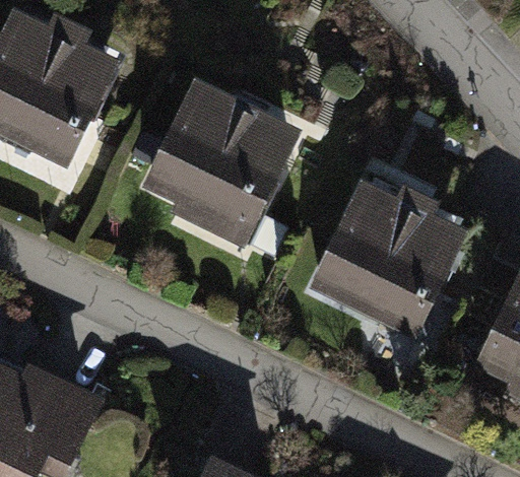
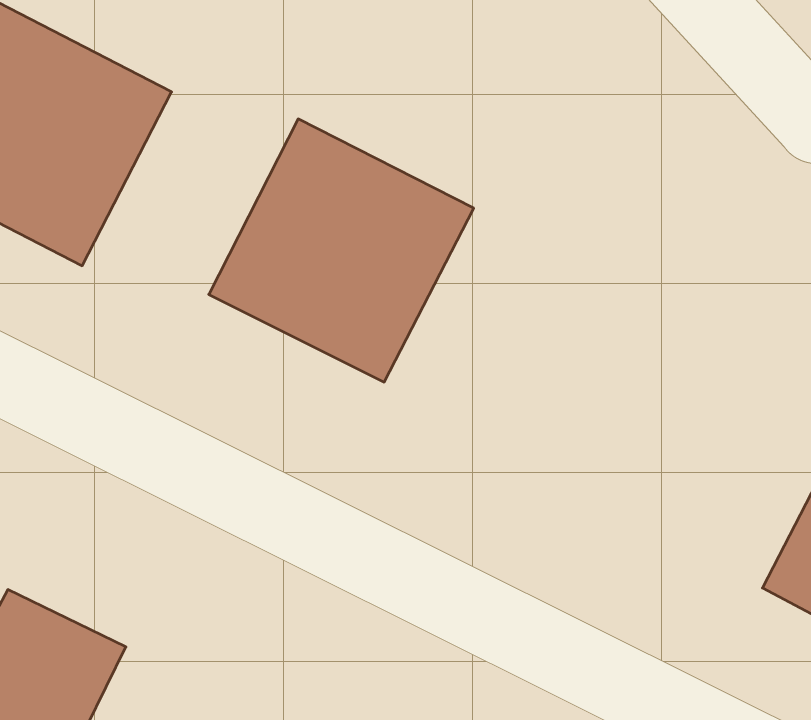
building: [312,186,470,345] -> none

